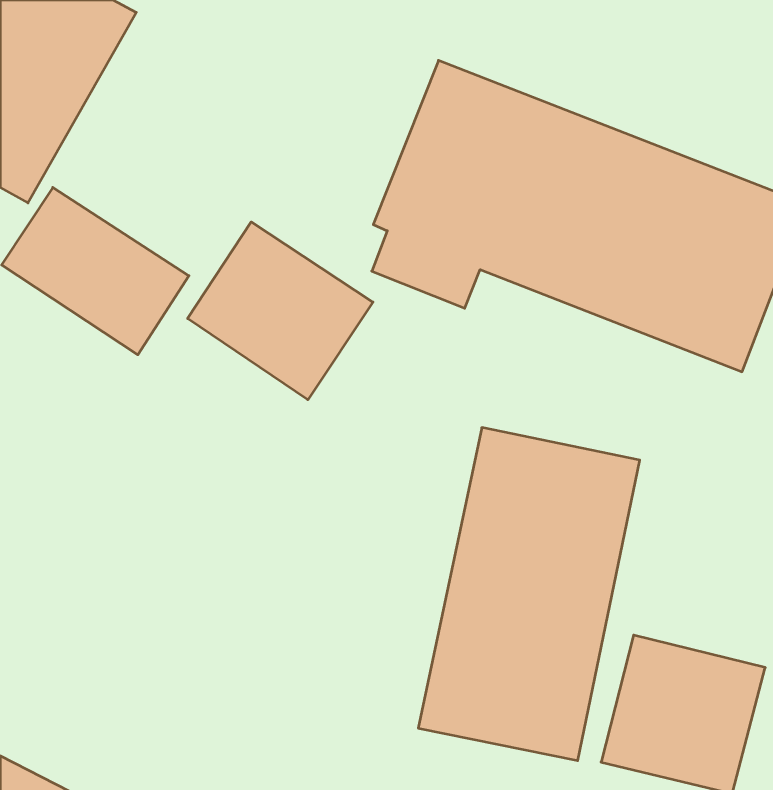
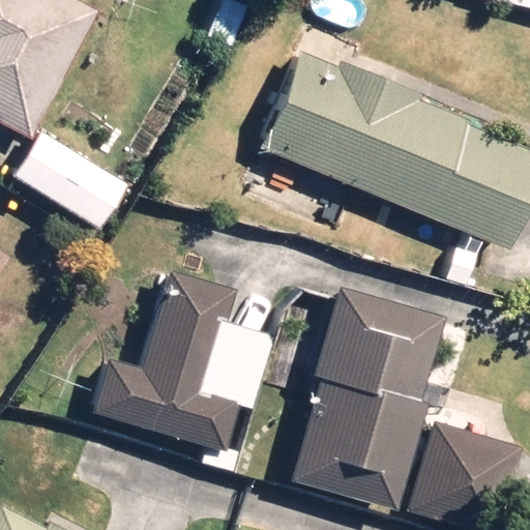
building: [188,222,373,400] -> none
building: none -> [93,298,273,447]

